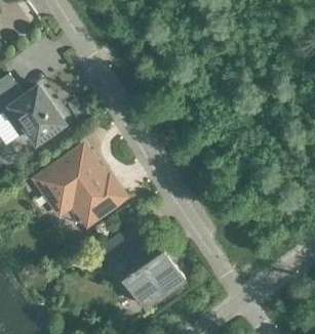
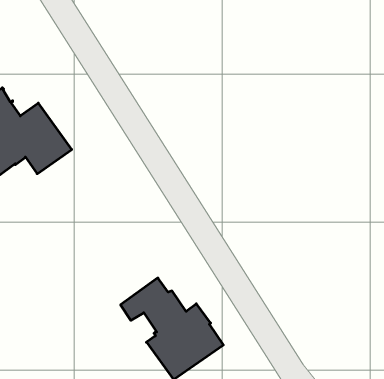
building: [37,147,125,224] -> none

